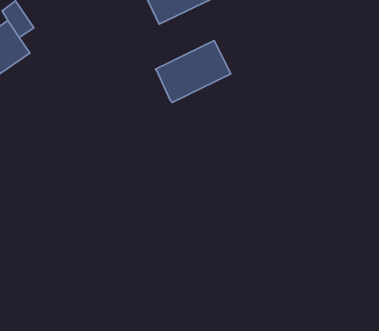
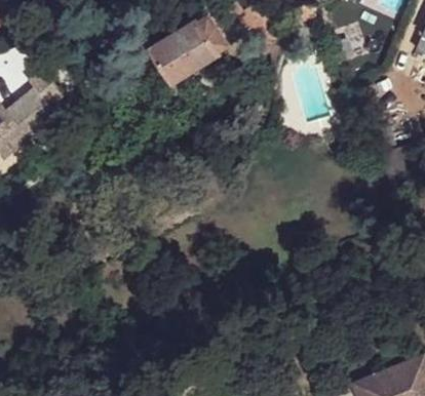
building: [156,41,231,102] -> none

